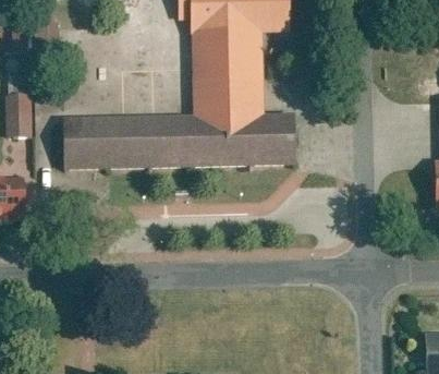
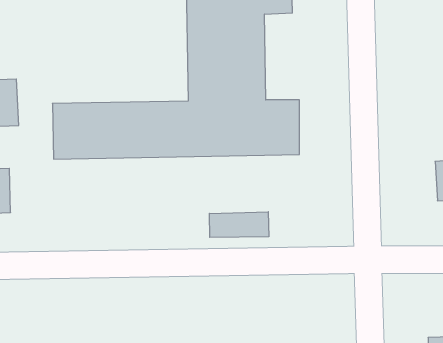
building: none -> [209,212,269,237]

